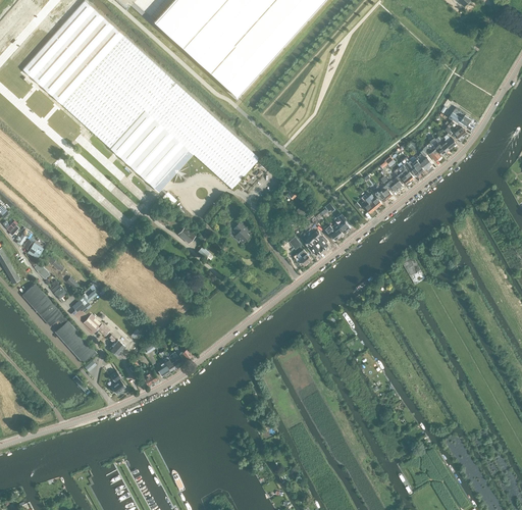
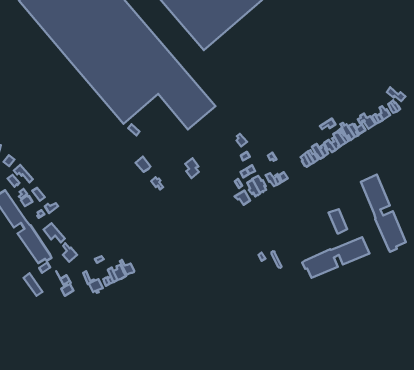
building: none -> [361,174,406,252]
building: none -> [302,237,369,278]

